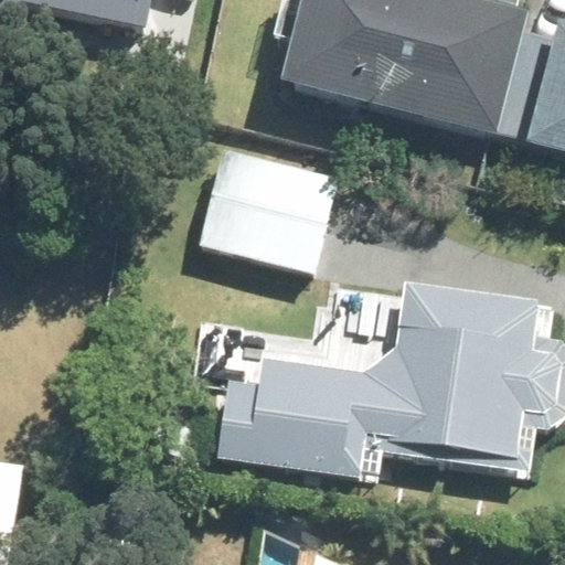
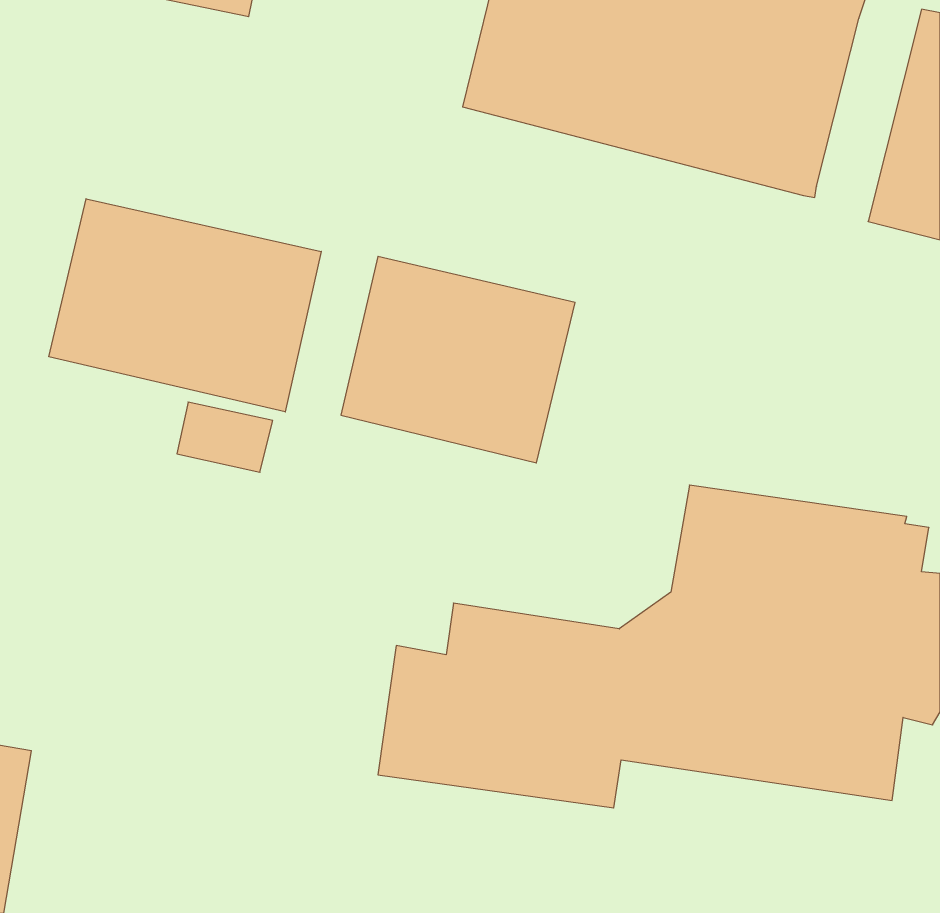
building: none -> [49,199,321,412]

